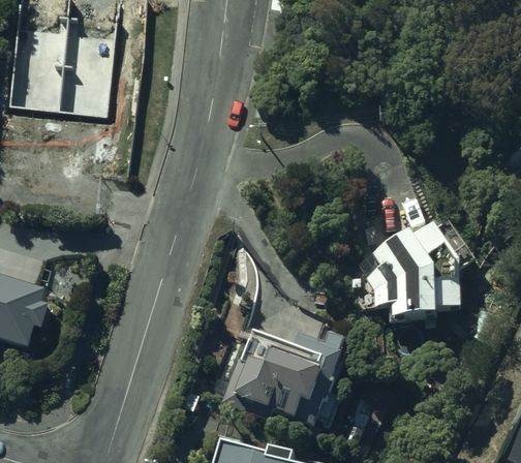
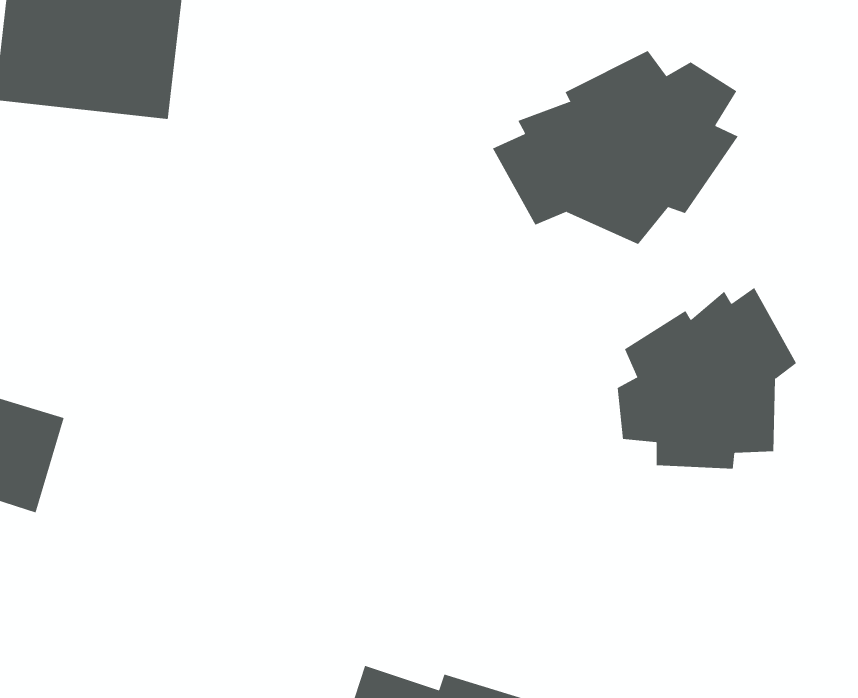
building: none -> [492,50,738,245]
building: [219,326,344,427] -> none

